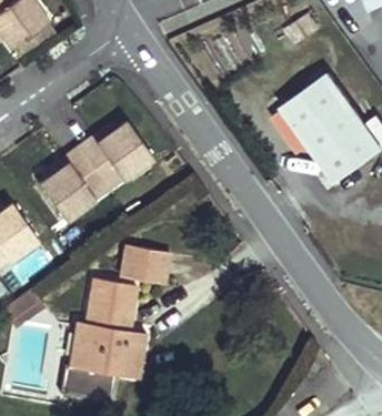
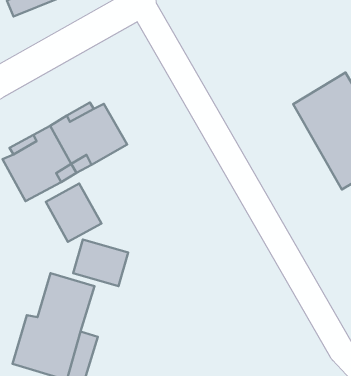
building: none -> [46,184,101,242]

